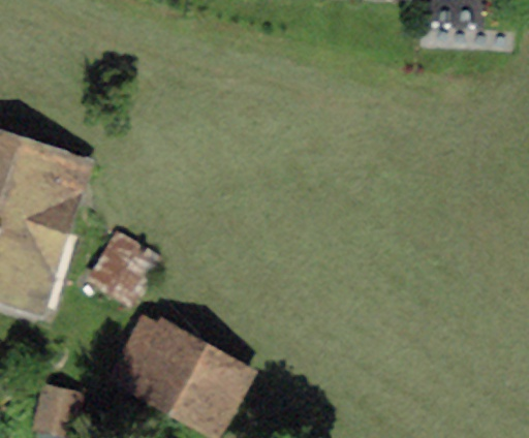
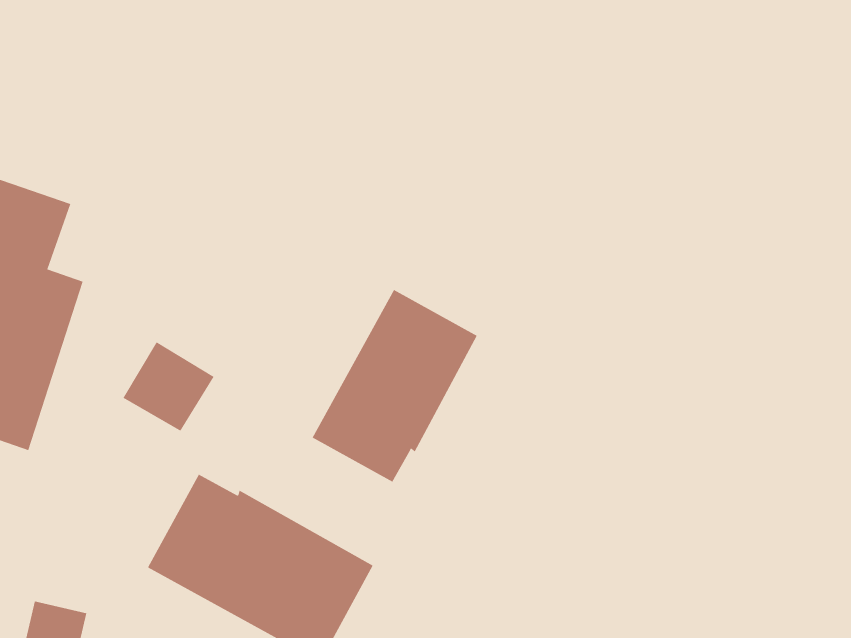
building: none -> [312,289,477,483]

